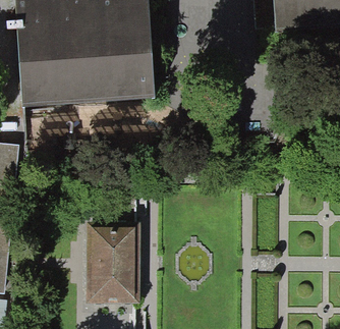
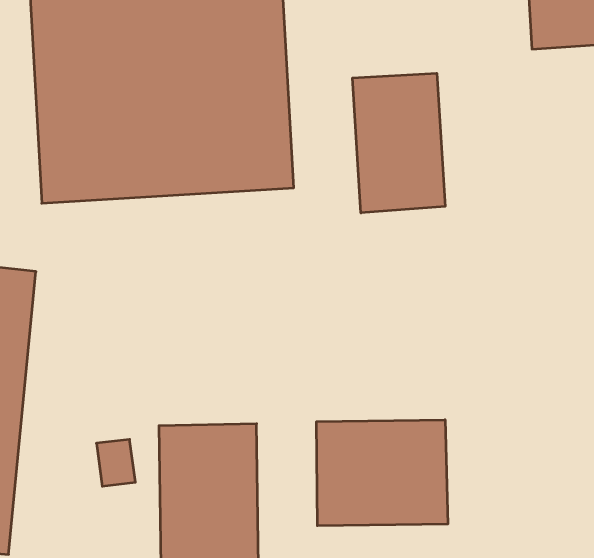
building: none -> [353,73,445,213]
building: none -> [317,420,448,526]

